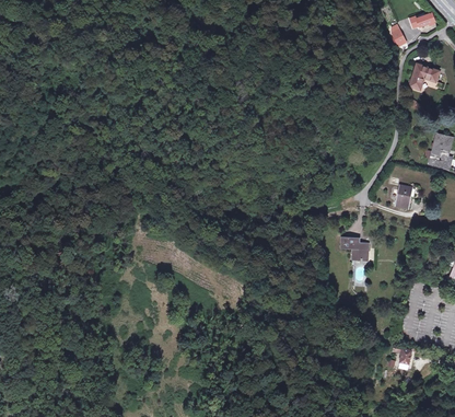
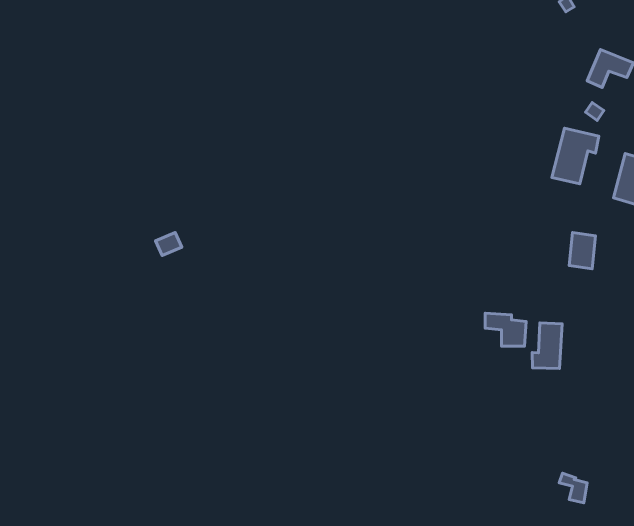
building: none -> [552,128,599,184]
building: none -> [532,323,562,369]

